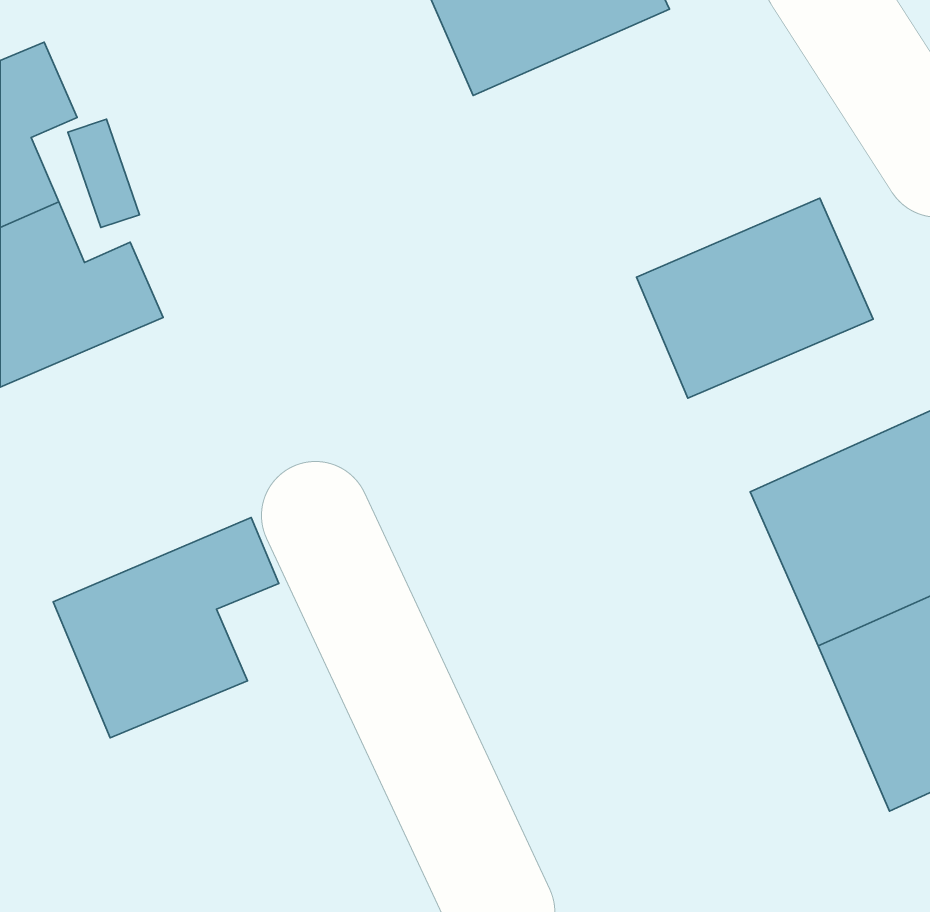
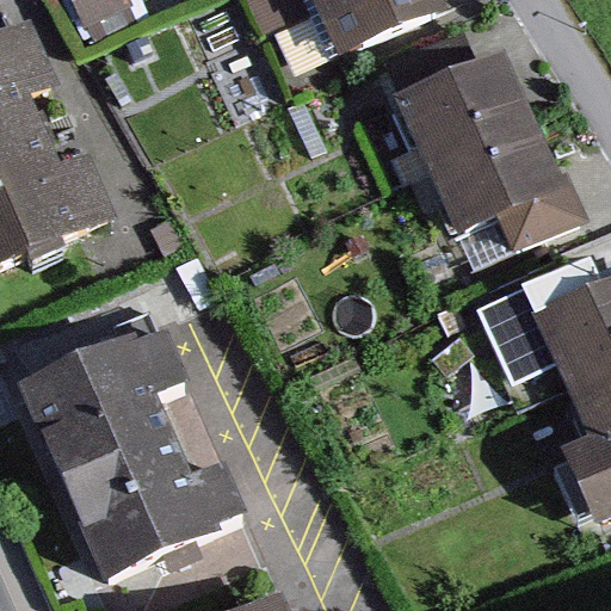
building: none -> [385,50,538,180]
building: none -> [76,443,242,563]

